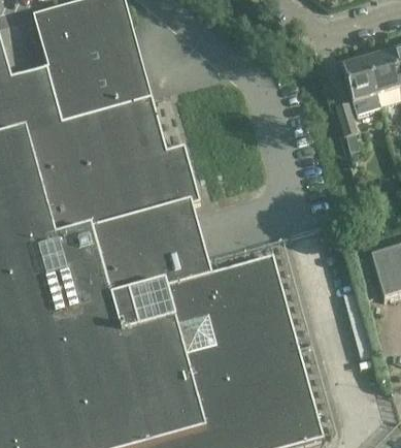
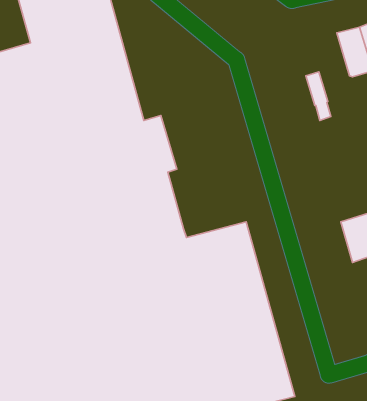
building: [342,57,380,110] -> none

